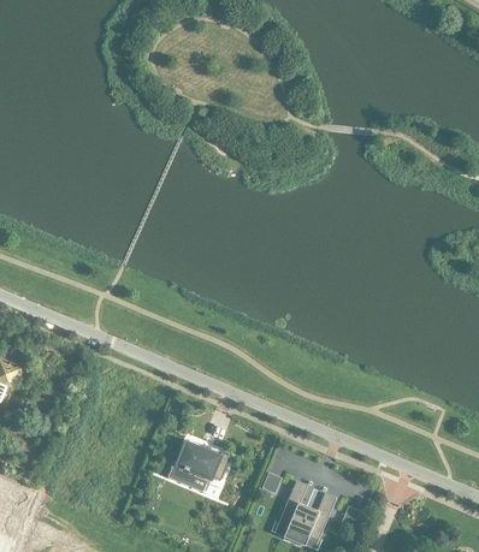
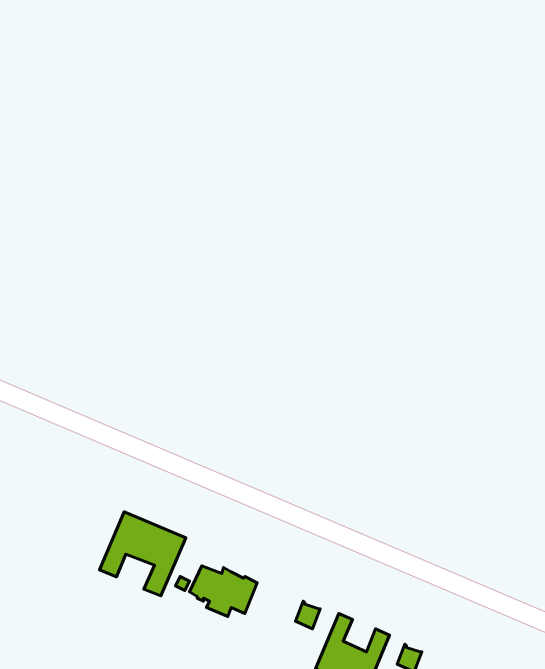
building: none -> [99,512,186,596]

